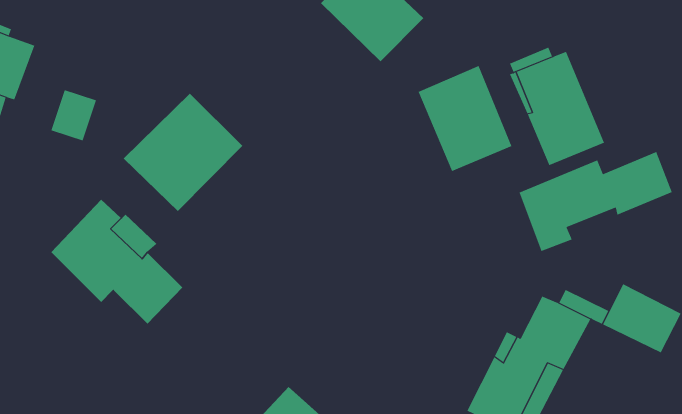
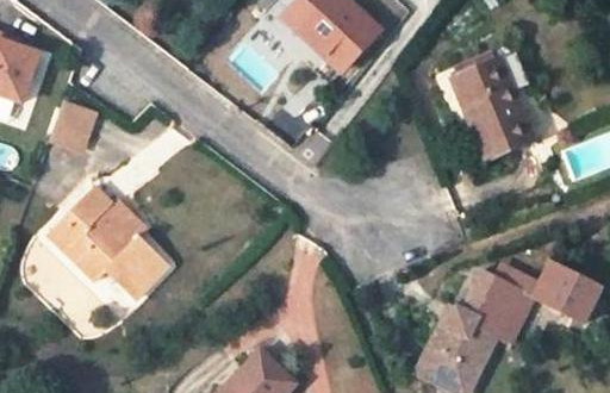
building: [418,65,512,172] -> none
building: [123,93,243,212] -> none
building: [519,151,672,252] -> none

